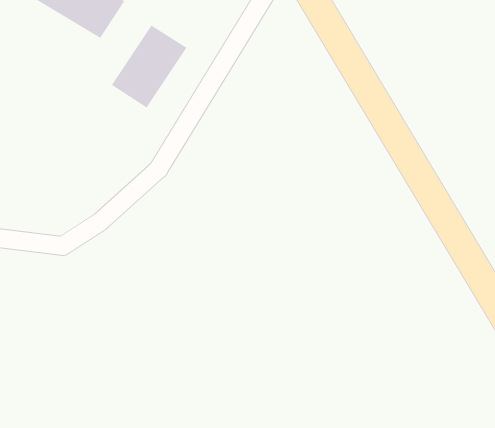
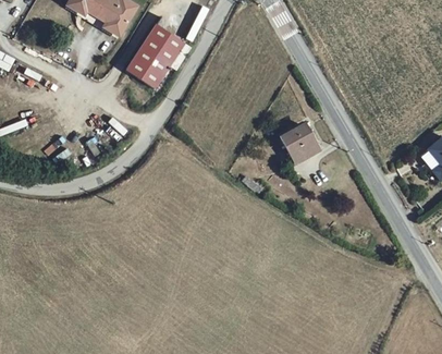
building: none -> [280,127,320,163]

